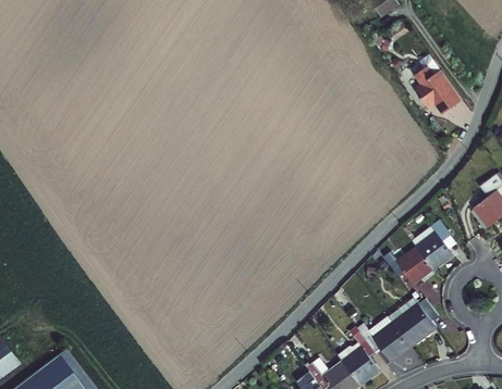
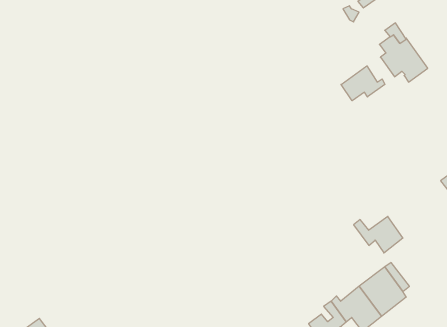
building: none -> [341,66,385,101]
building: [407,222,454,268] -> none

